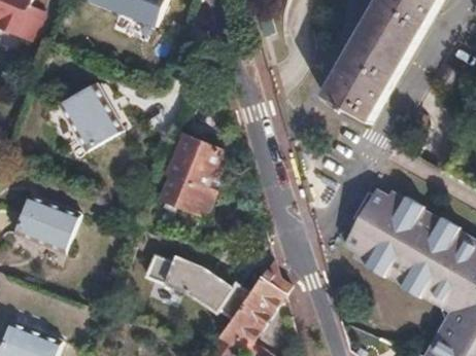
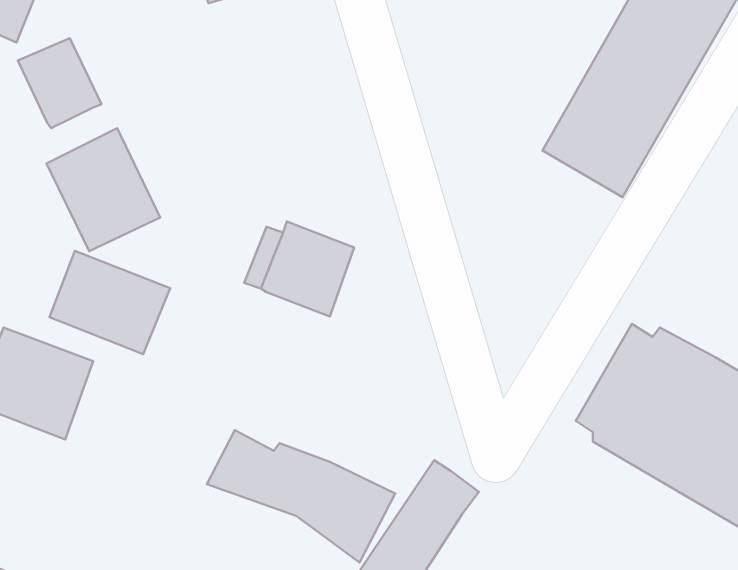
building: none -> [18,38,101,128]
building: none -> [49,251,170,354]
building: [163,174,216,215] -> none

